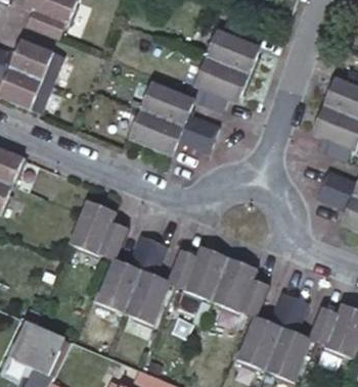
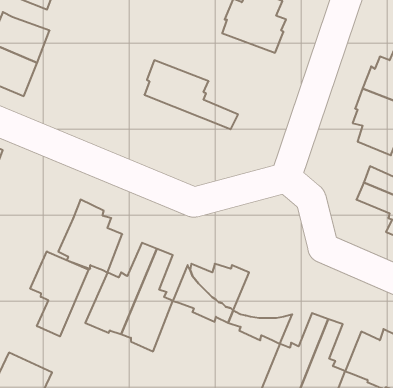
building: [193,60,250,112] -> none
building: [127,111,213,155] -> none
building: none -> [30,251,89,336]
building: [215,258,267,296] -> none

